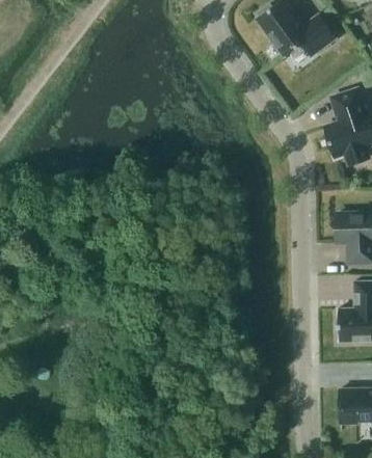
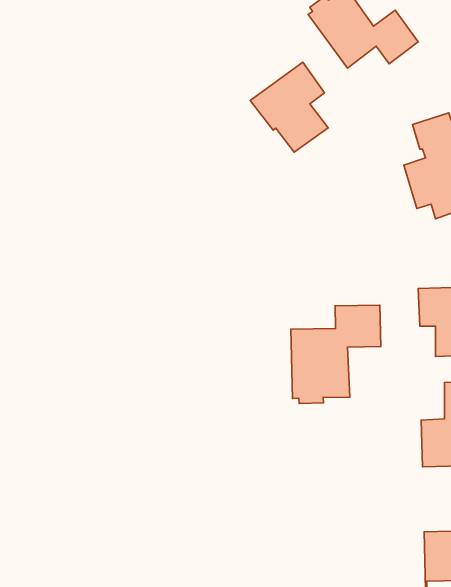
building: none -> [250,62,328,152]
building: none -> [291,305,381,404]

